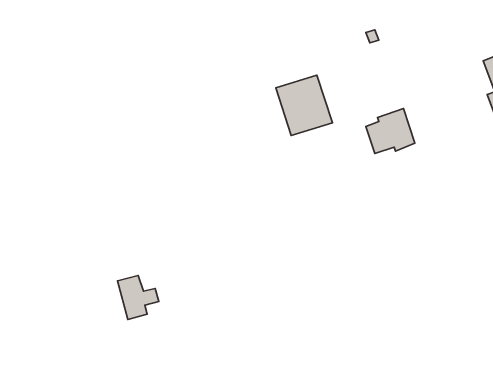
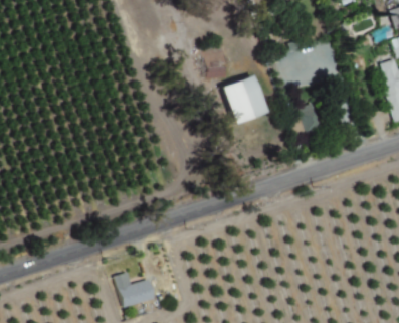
building: [118,276,159,319] -> [115,272,147,306]

